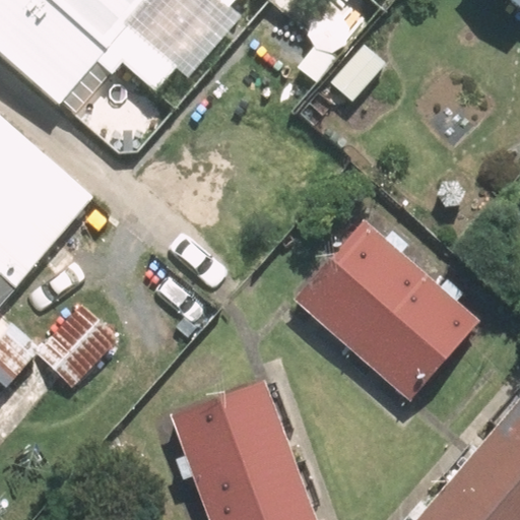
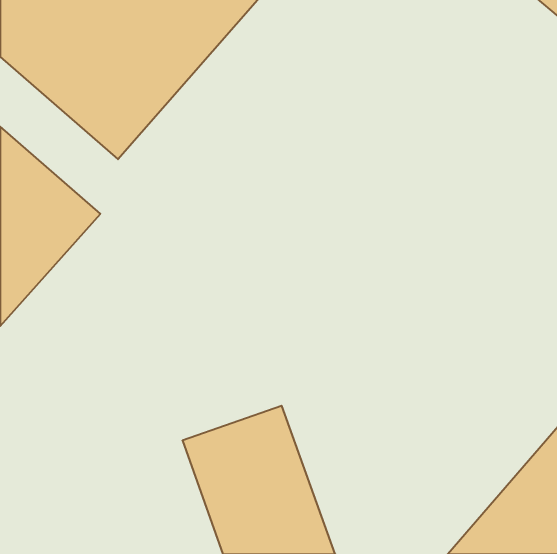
building: [291,218,477,401] -> none

